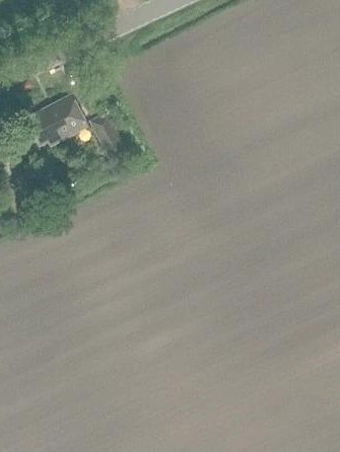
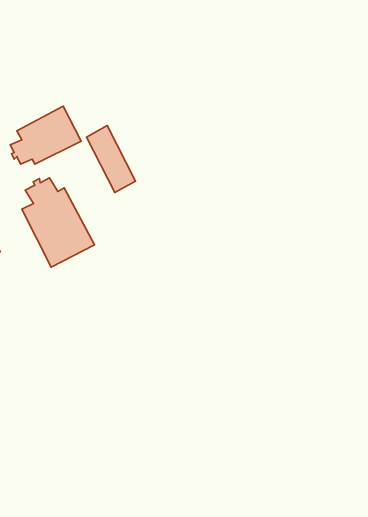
building: none -> [22,178,94,267]

